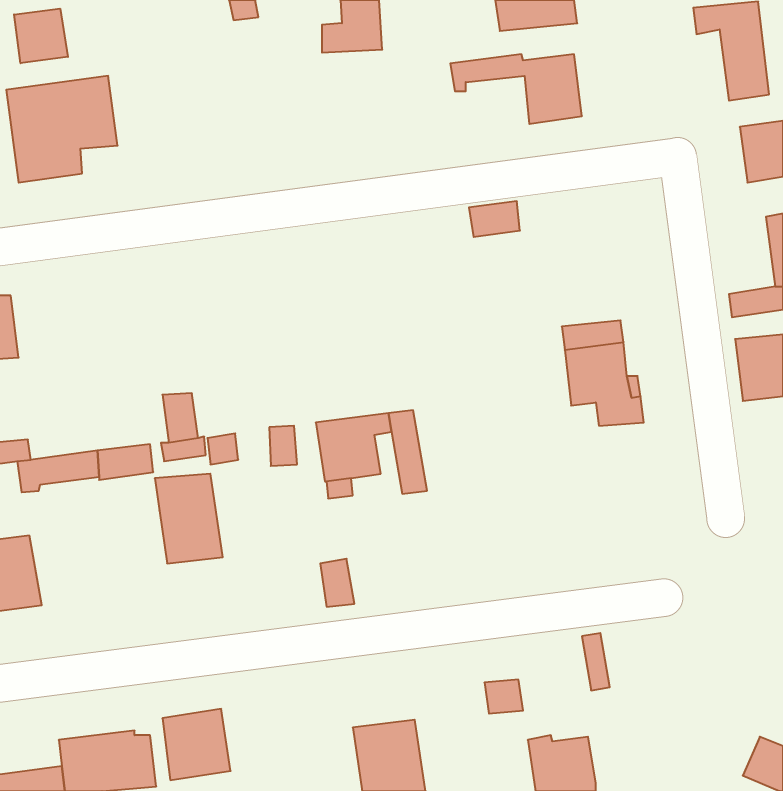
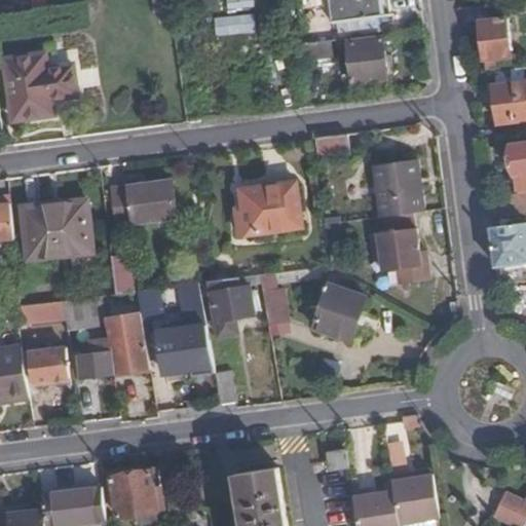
building: [14,9,68,63] -> none
building: none -> [369,146,418,203]
building: none -> [115,182,178,227]
building: none -> [236,183,301,233]
building: none -> [21,200,92,266]
building: none -> [313,285,366,340]
building: none -> [156,329,211,378]
building: none -> [76,339,111,378]
building: none -> [29,351,70,384]
building: none -> [388,473,437,520]

